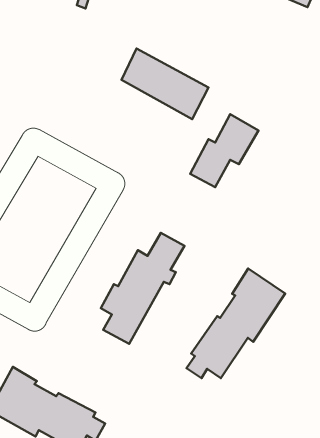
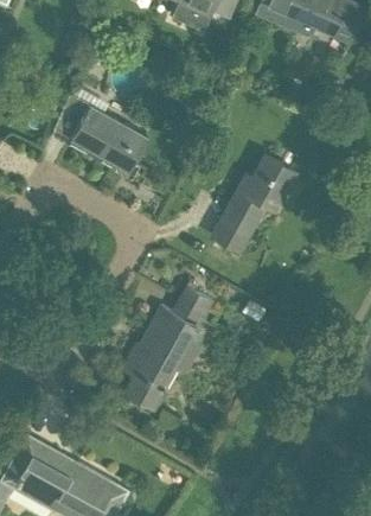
building: [121,48,208,119] -> [53,95,148,172]
building: [186,268,285,378] -> none

